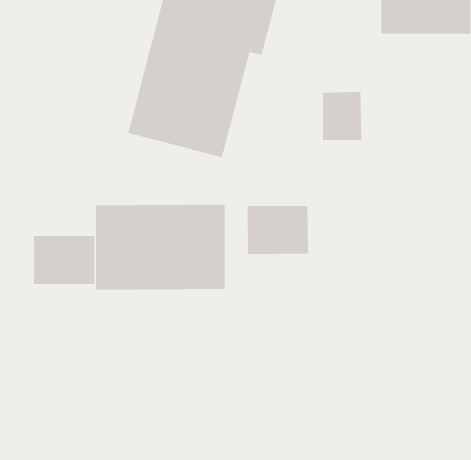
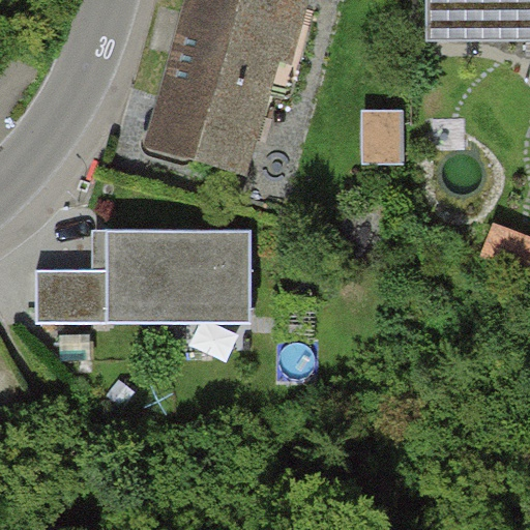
building: [247,205,308,255] -> none

